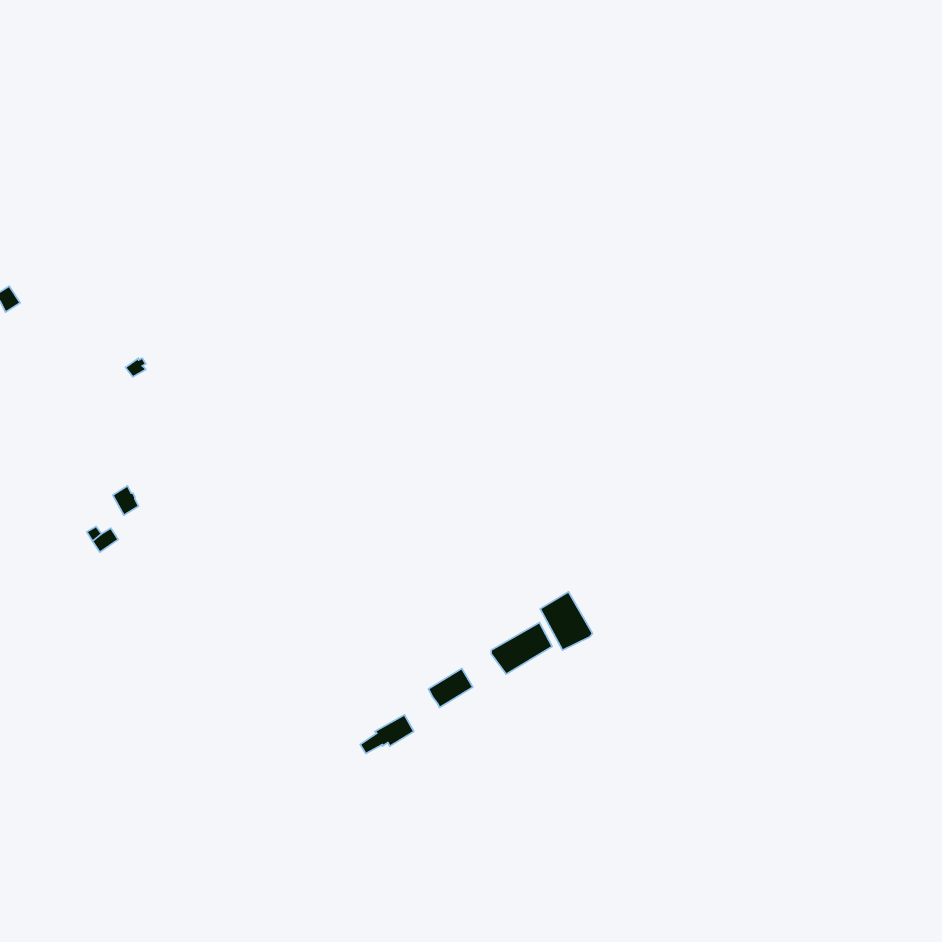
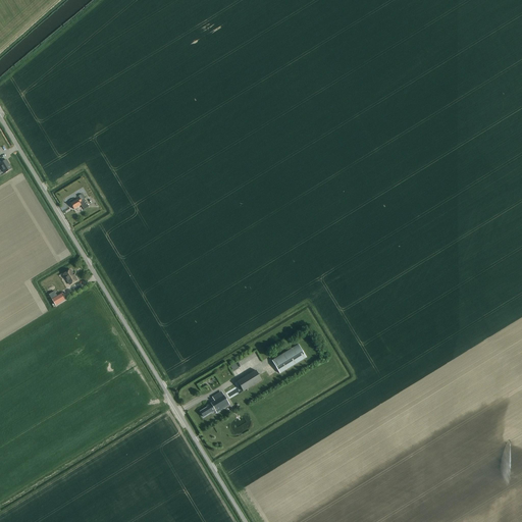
building: [540,592,592,650] -> none

